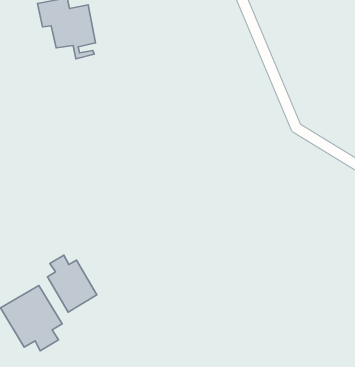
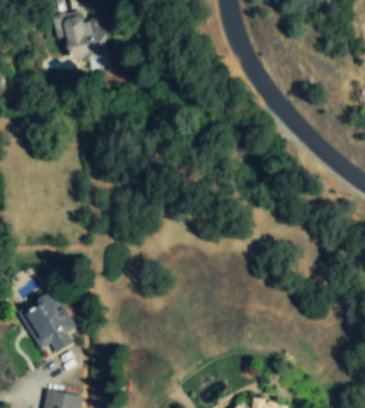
building: [47,255,97,312] -> none

